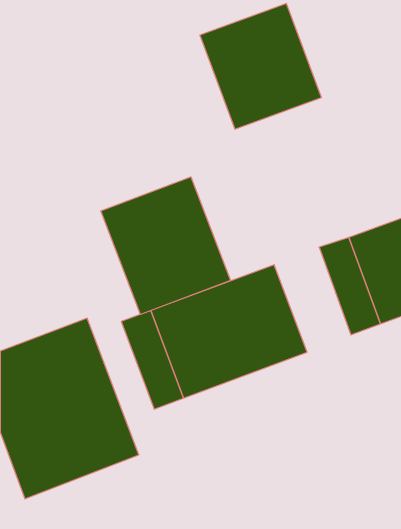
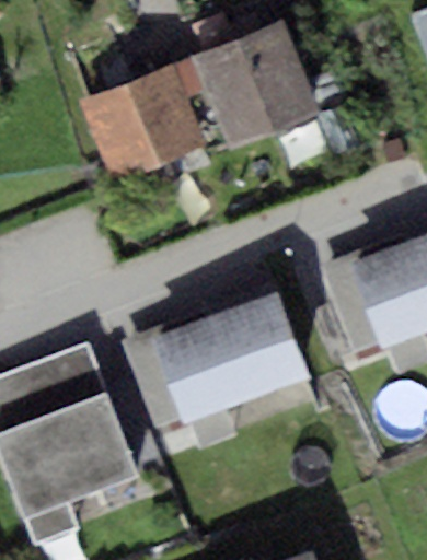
building: none -> [88,75,208,187]
building: [101,177,230,314] -> none

